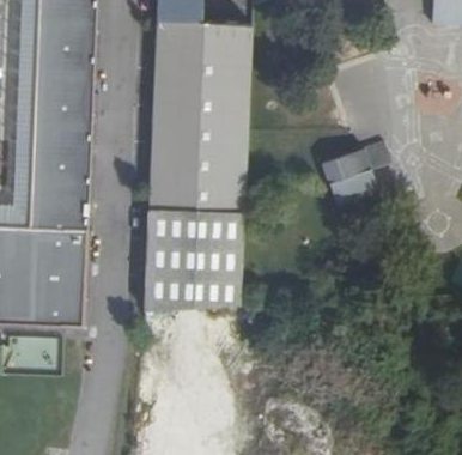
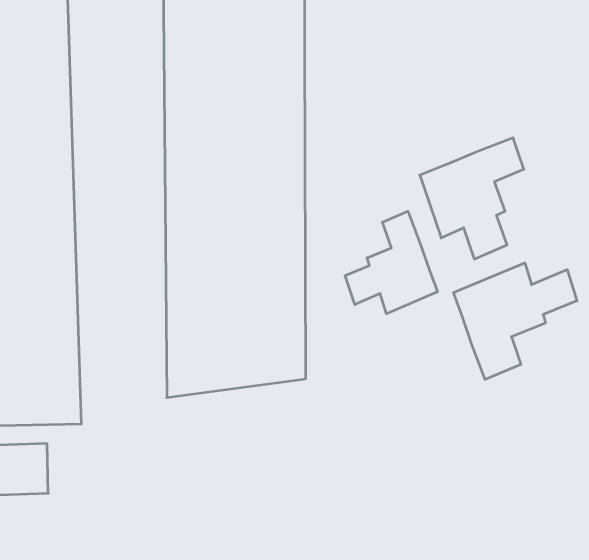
building: none -> [345,211,437,314]
building: none -> [454,263,577,379]

